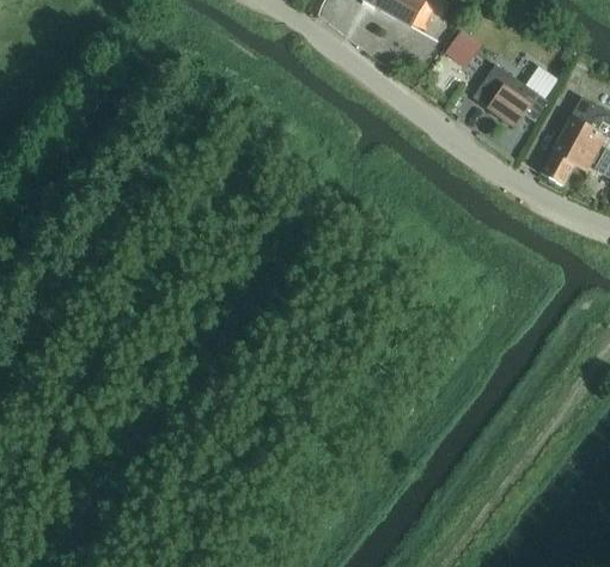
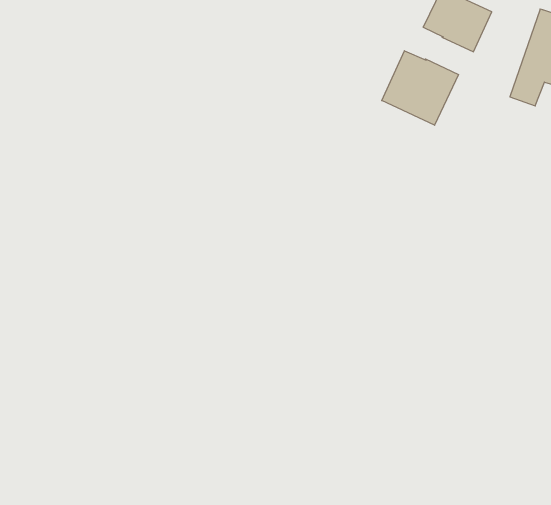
building: none -> [382,51,459,125]

